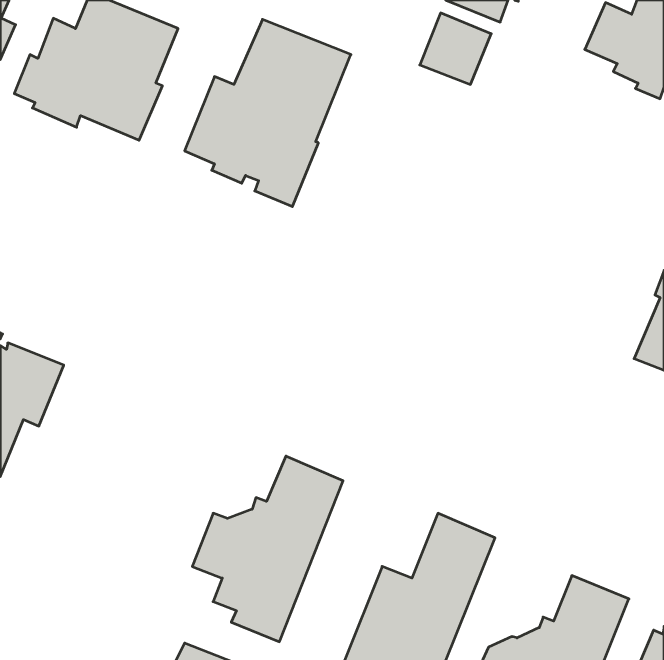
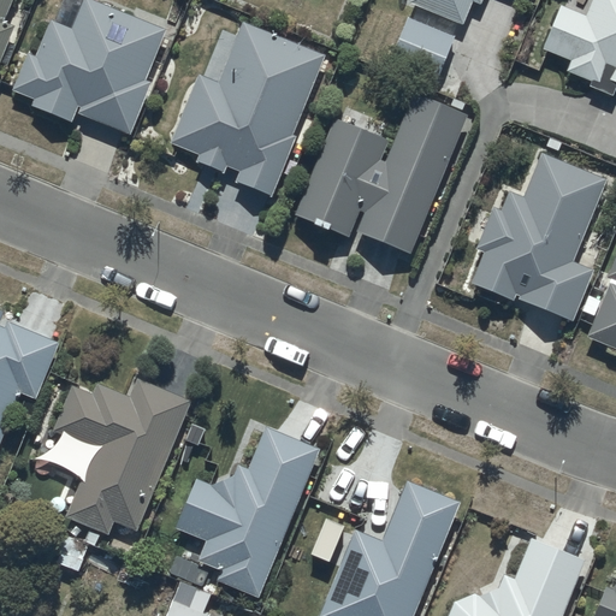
building: none -> [295,93,463,254]
building: none -> [472,153,605,321]
building: none -> [53,378,190,533]

